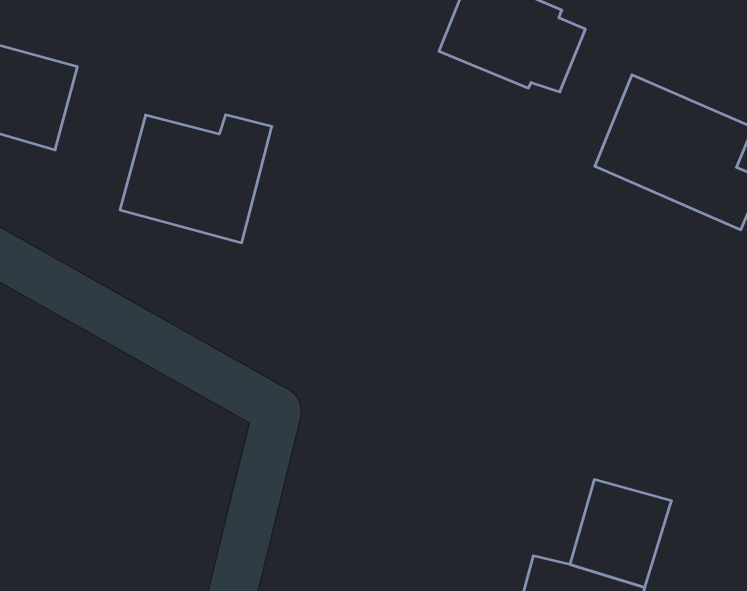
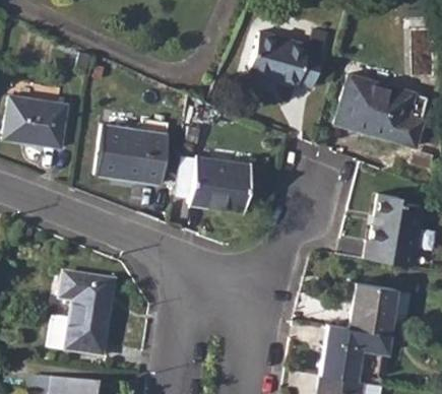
building: none -> [190,157,252,212]
building: none -> [362,193,421,266]
building: none -> [59,275,116,358]

